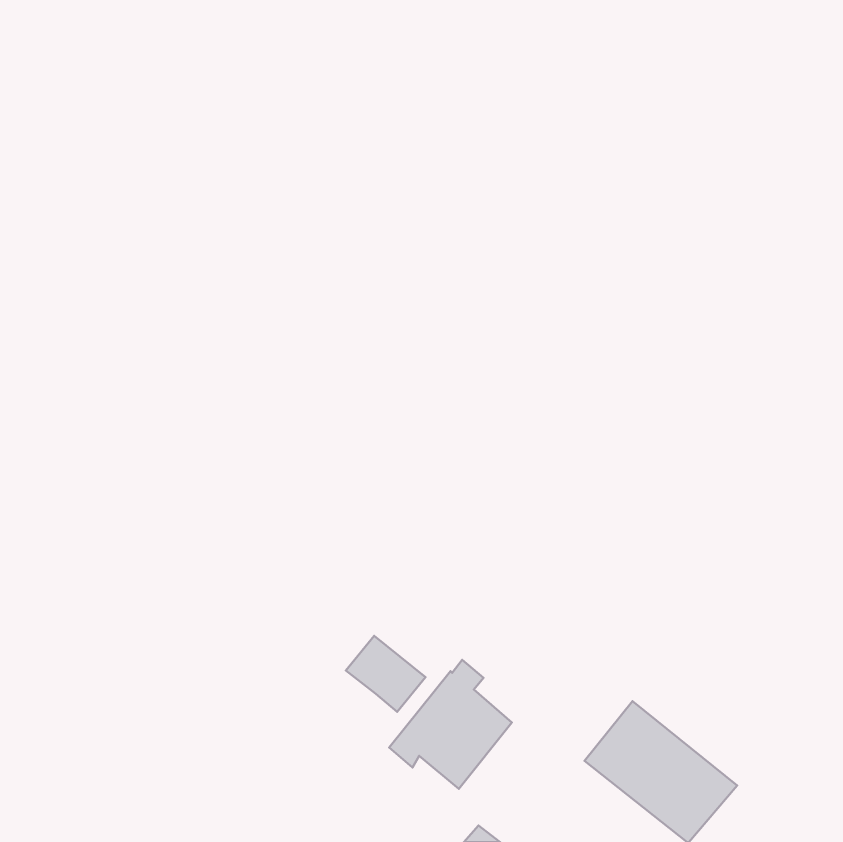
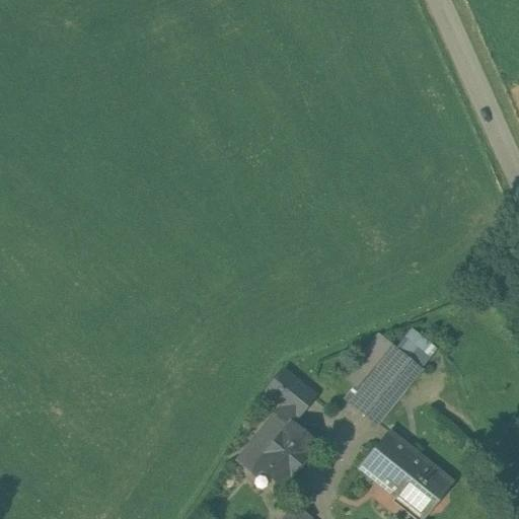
building: none -> [347,336,431,423]
building: [346,636,425,712] -> [267,368,315,415]

